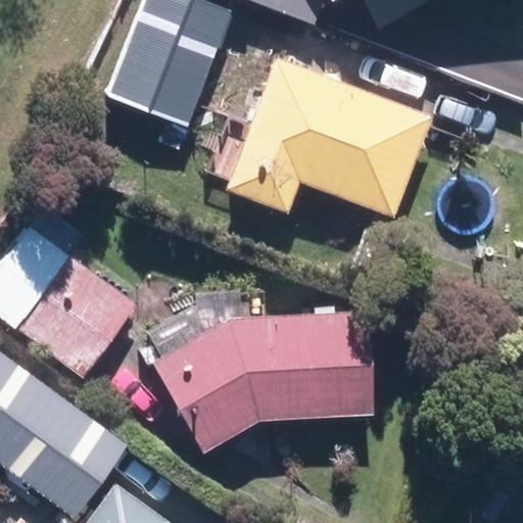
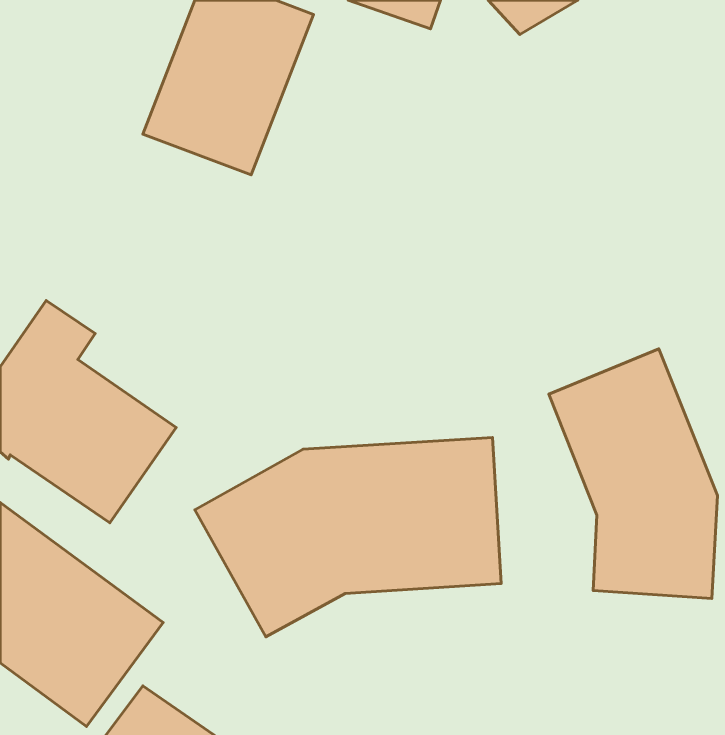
building: [225,58,425,213] -> none
building: none -> [549,349,718,599]

